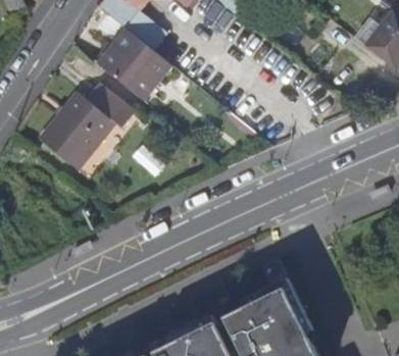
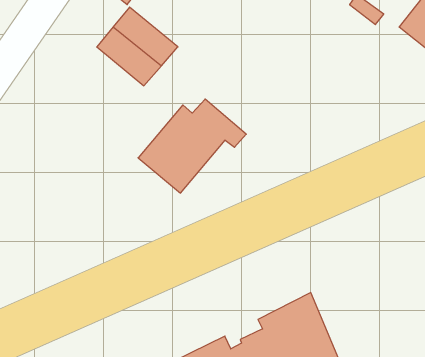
building: [41,85,135,166] -> [138,99,246,193]

